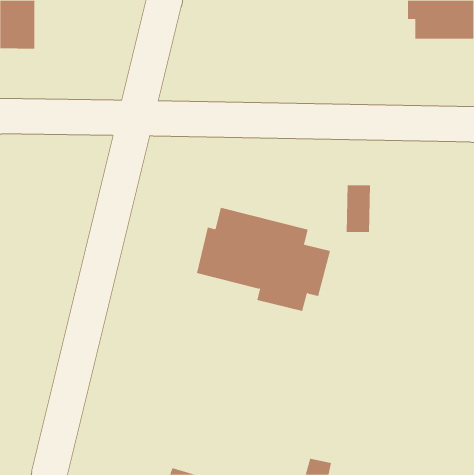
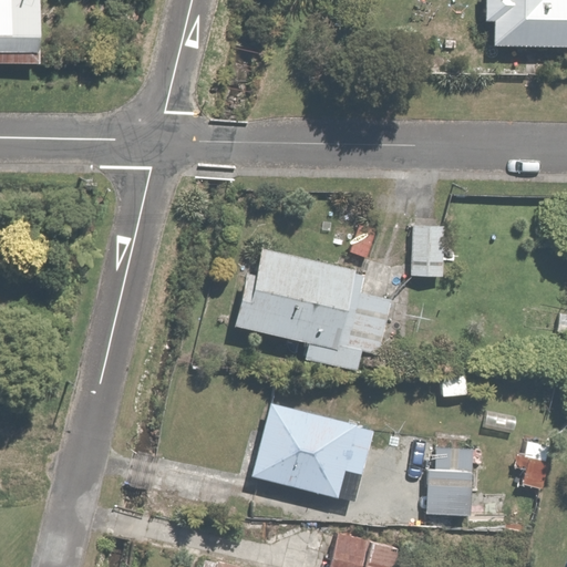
building: none -> [251,399,375,501]
building: none -> [426,445,482,509]

